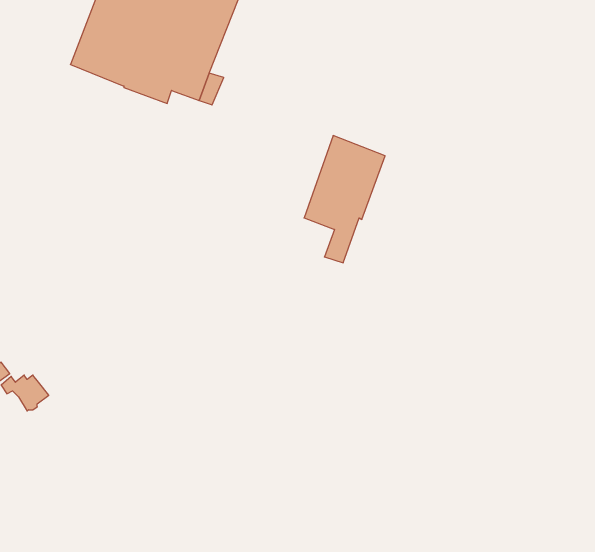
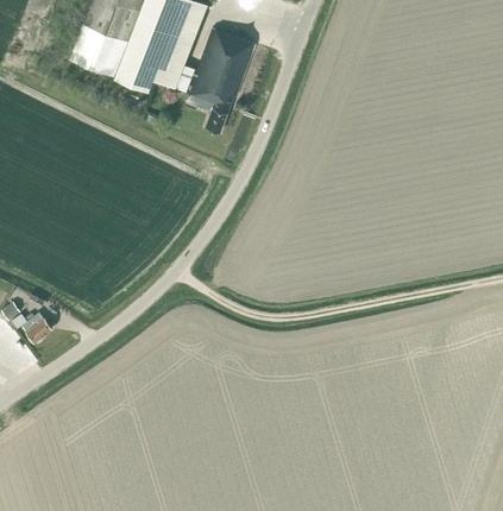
building: [304,136,385,263] -> [188,27,254,132]

